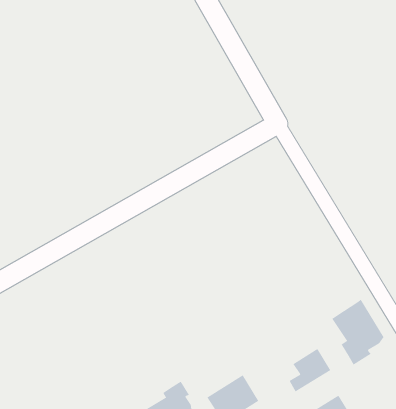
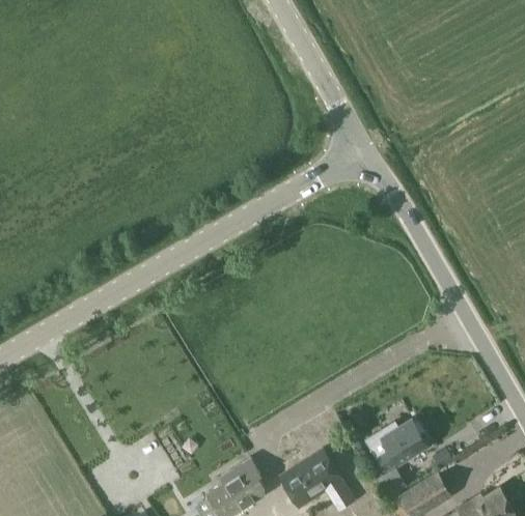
building: [332,299,384,365] -> none

